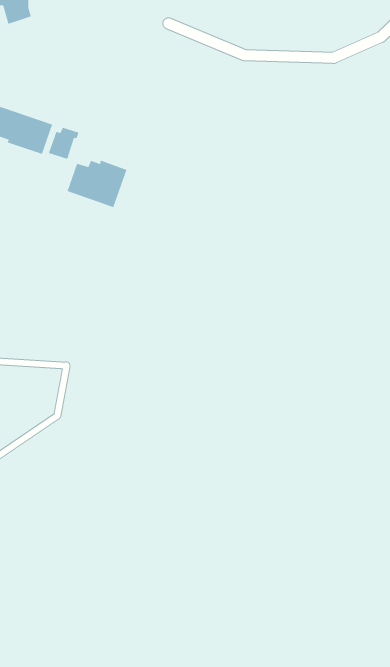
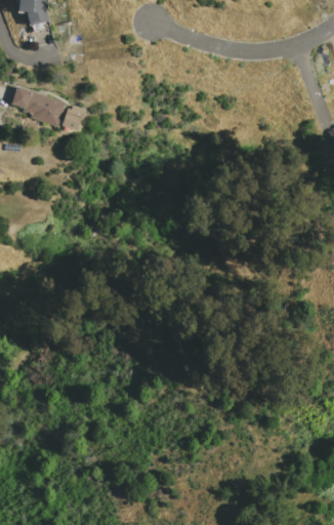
building: [66,160,127,208] -> none

